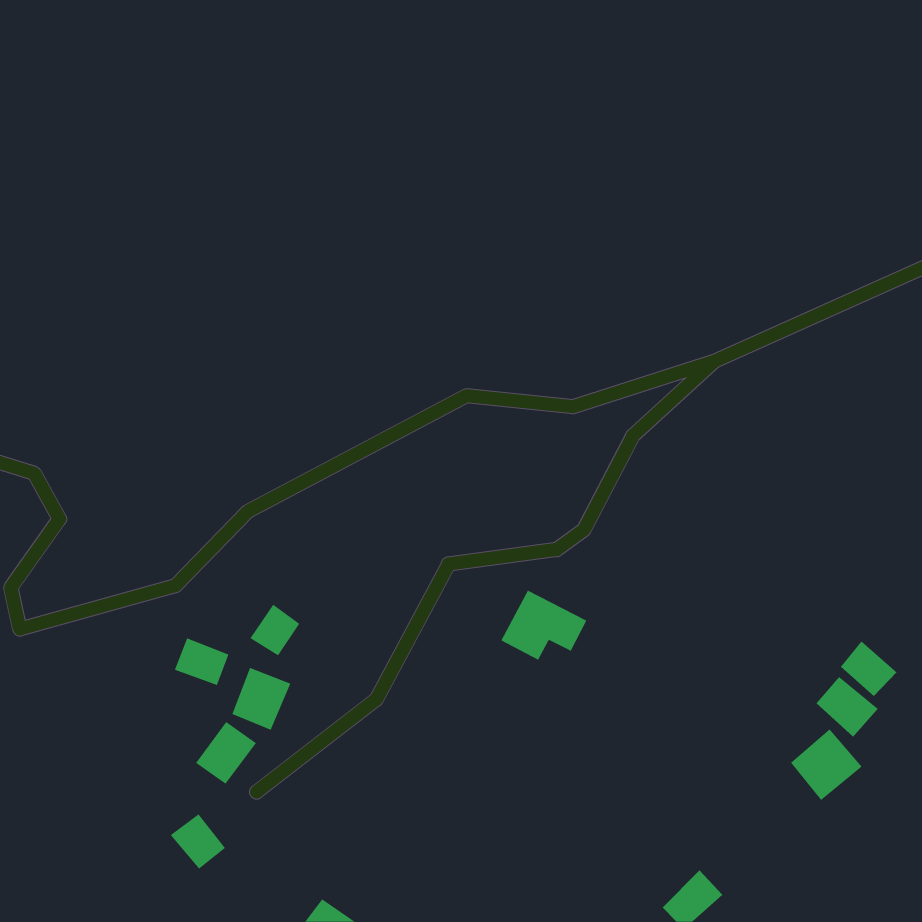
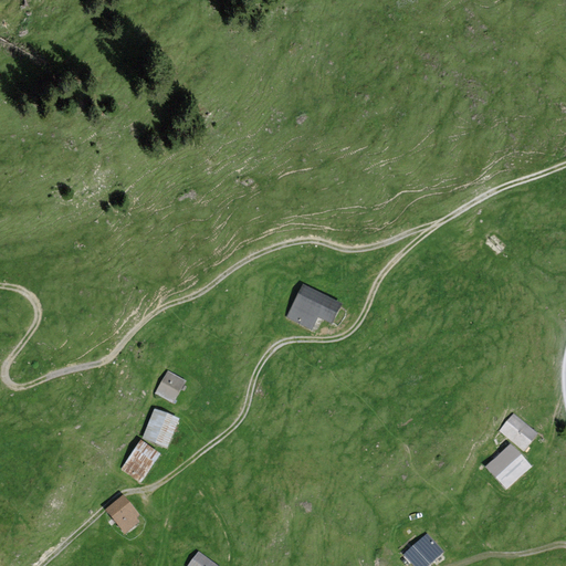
building: [501,590,587,660] -> [287,286,340,329]
building: [174,637,229,686] -> none
building: [840,640,898,697] -> none

